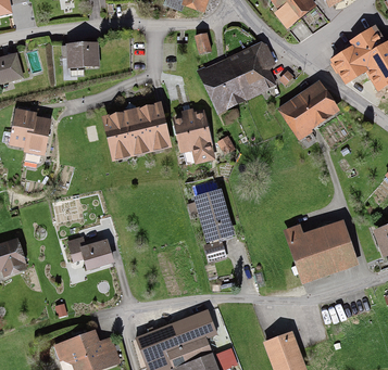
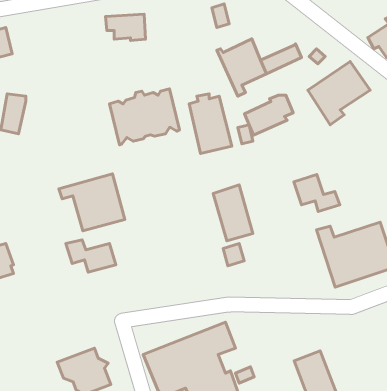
building: [62,42,97,65] -> [106,14,145,40]
building: [230,47,273,81] -> [245,95,293,135]
building: [25,117,49,162] -> none
building: none -> [59,174,125,231]
building: none -> [294,175,340,211]

